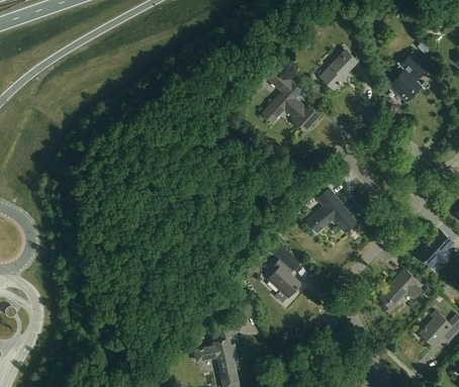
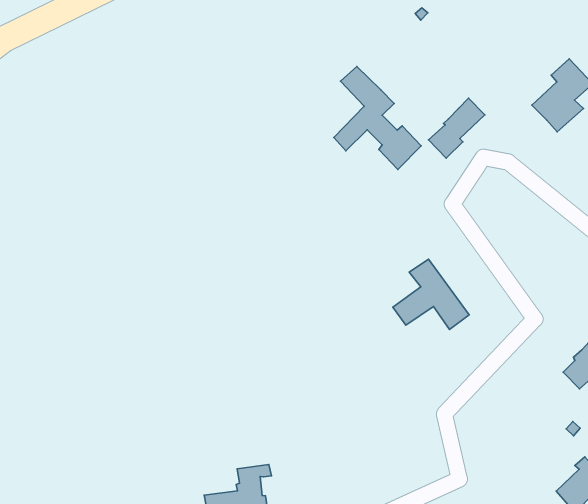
building: [322,50,357,89] -> [428,98,485,158]
building: [268,258,300,301] -> none
building: [380,269,423,313] -> none

